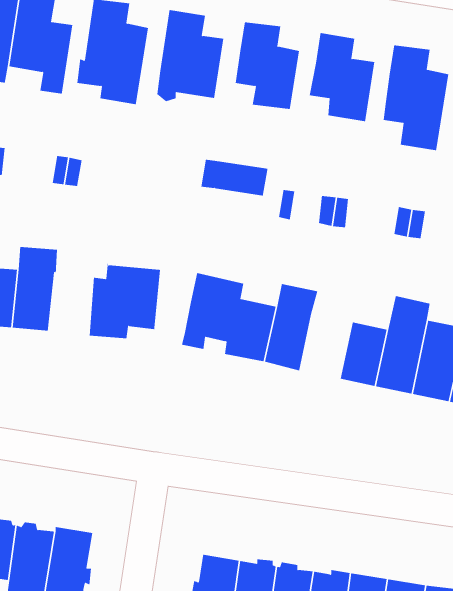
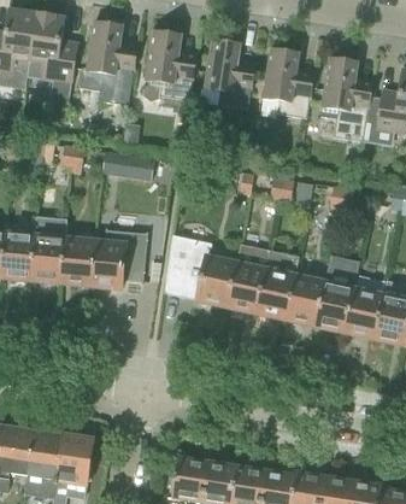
building: [200,159,268,196] -> [101,150,154,178]
building: none -> [58,235,93,285]
building: none -> [254,248,299,318]

